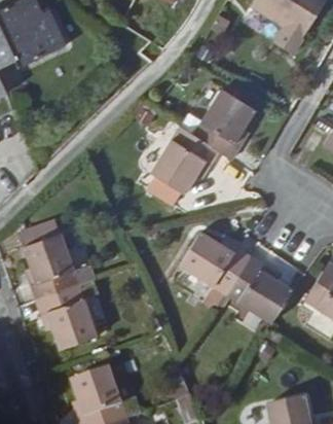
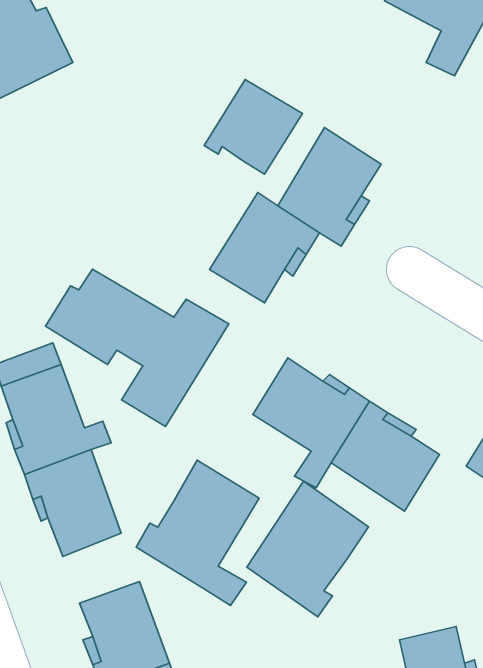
building: none -> [204,79,302,174]
building: none -> [46,269,229,426]
building: none -> [136,460,259,605]
building: none -> [247,481,369,617]

